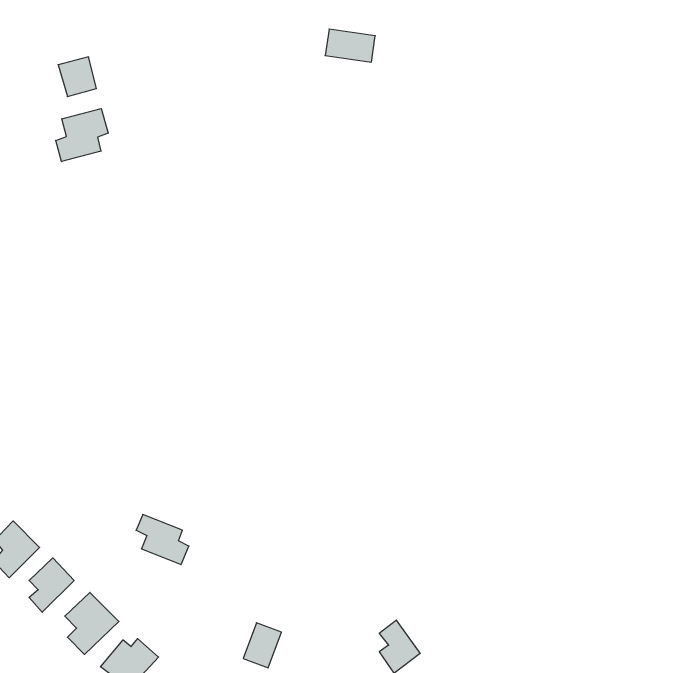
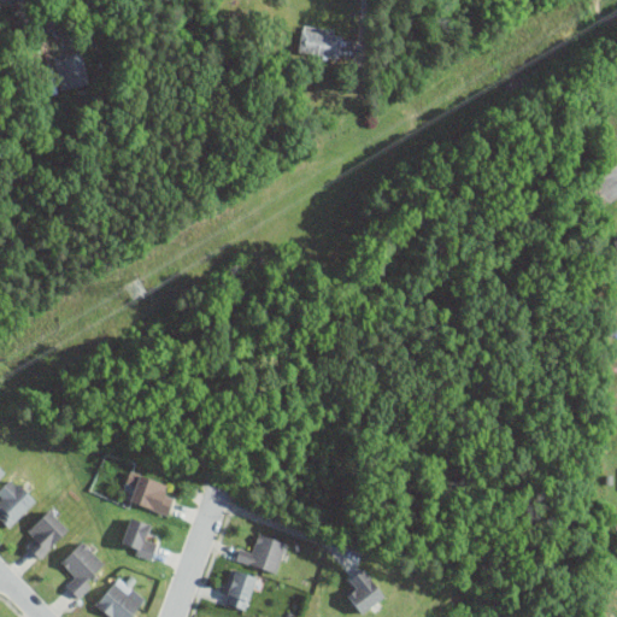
building: [56,109,108,162] -> none
building: none -> [118,518,158,560]
building: none -> [235,535,287,575]

